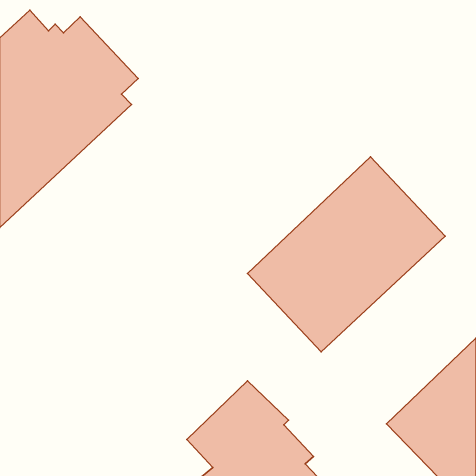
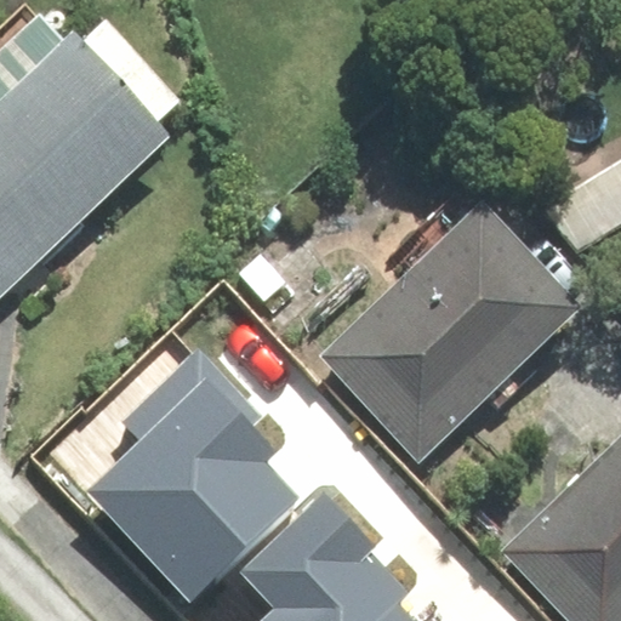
building: none -> [86,353,295,599]

